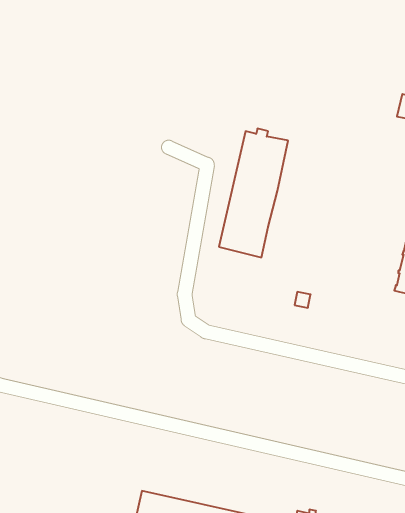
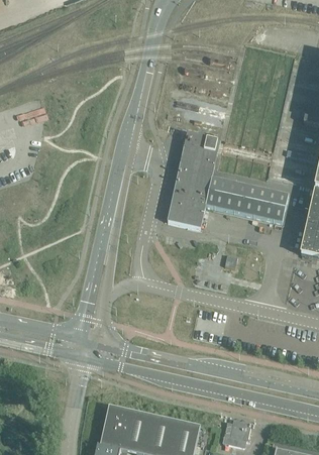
building: none -> [205,176,289,220]

